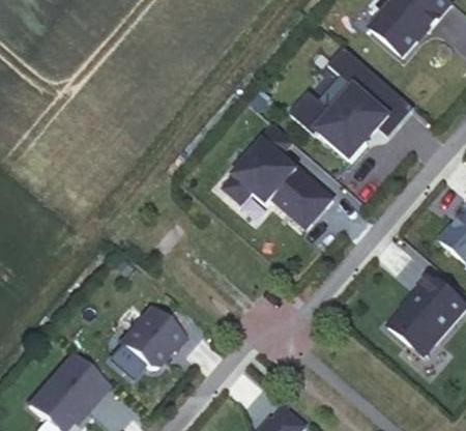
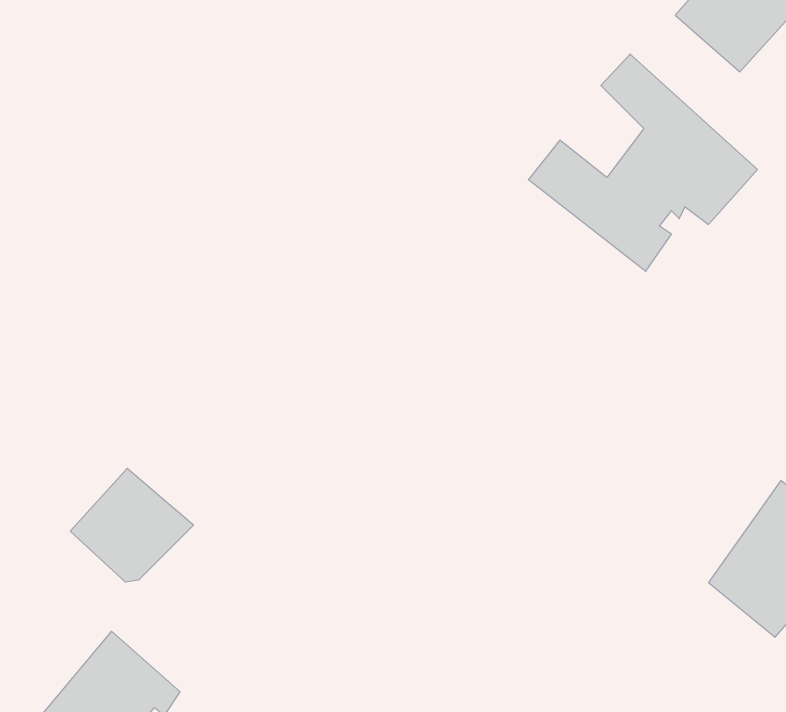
building: [226,125,333,229] -> none
building: [119,308,184,368] -> [70,468,194,582]

